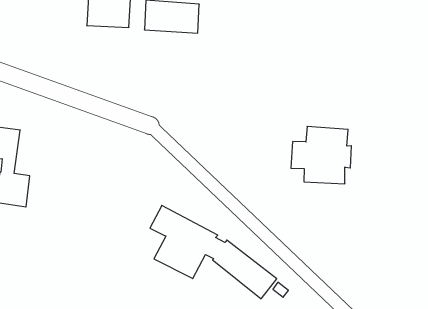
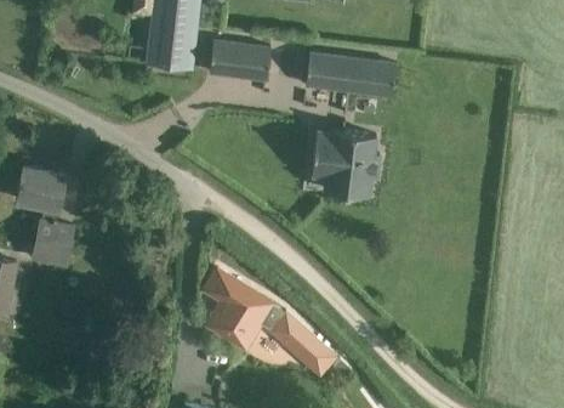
building: none -> [304,53,395,96]
building: [291,126,351,184] -> [311,130,378,196]

